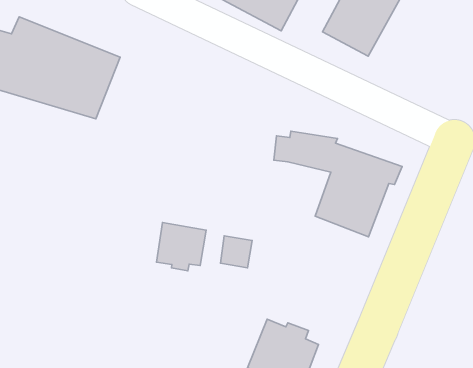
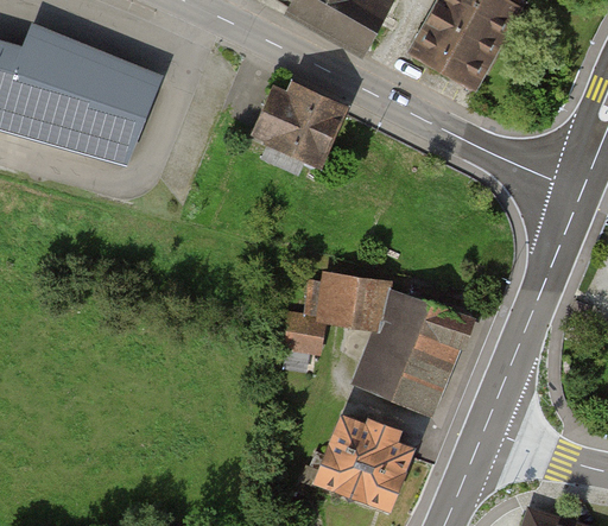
building: none -> [254,87,342,166]
building: [274,131,402,237] -> [305,275,468,410]
building: [157,222,206,271] -> none

